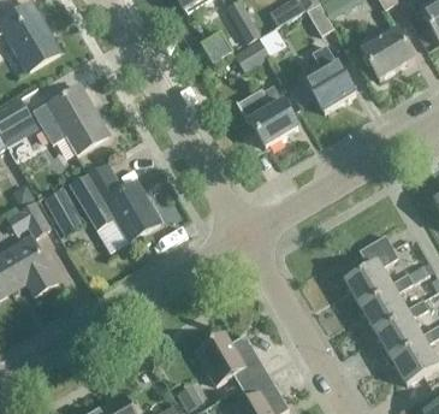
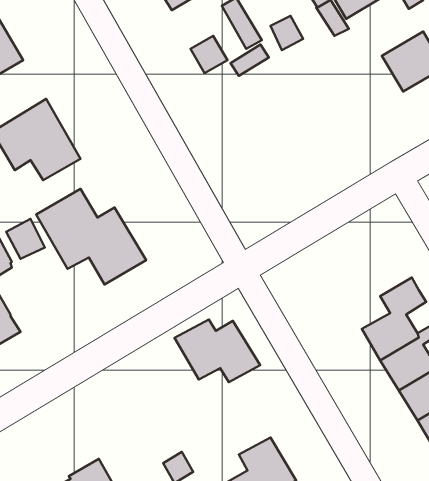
building: [304,45,355,112] -> none
building: [235,87,297,147] -> none
building: [195,332,267,385] -> [174,319,260,382]

